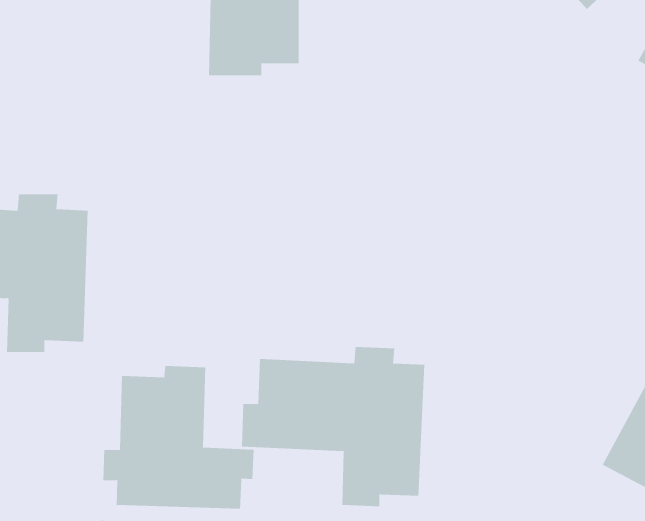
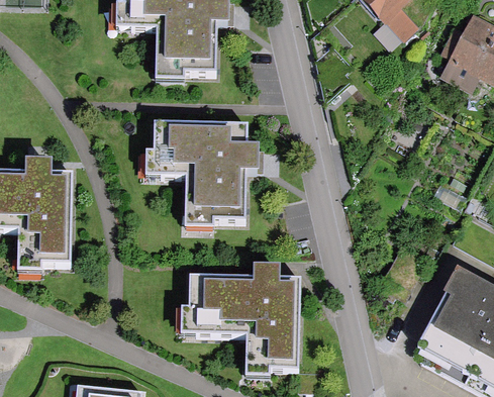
building: none -> [141,123,259,230]
building: [103,365,254,510] -> none

